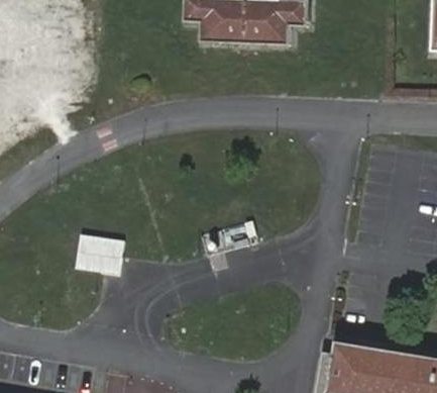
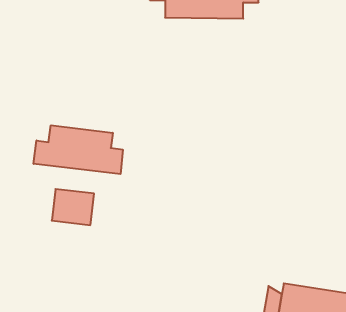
building: none -> [34,125,123,174]

